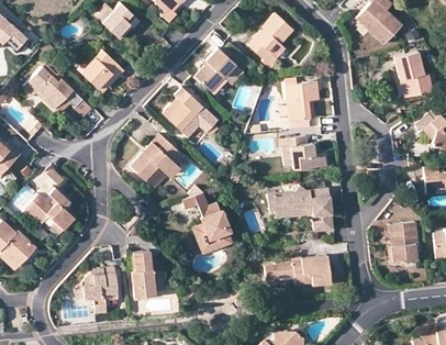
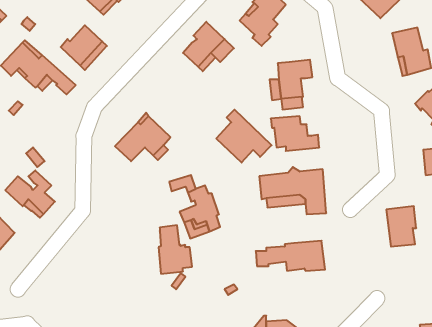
building: [165,87,218,137] -> [216,110,272,163]
building: [132,251,164,297] -> [159,225,192,274]
building: [81,267,118,312] -> none

